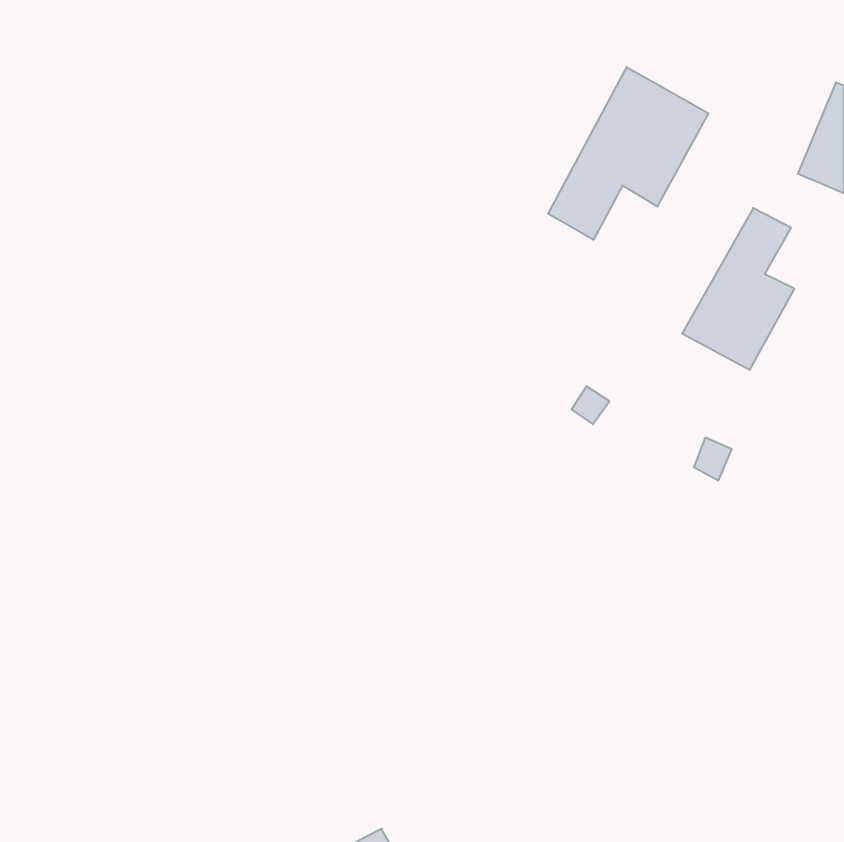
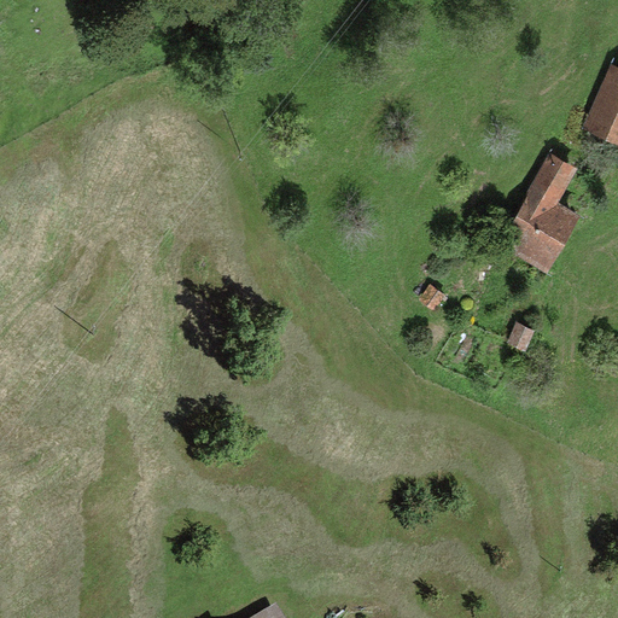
building: [548,67,709,240] -> none

